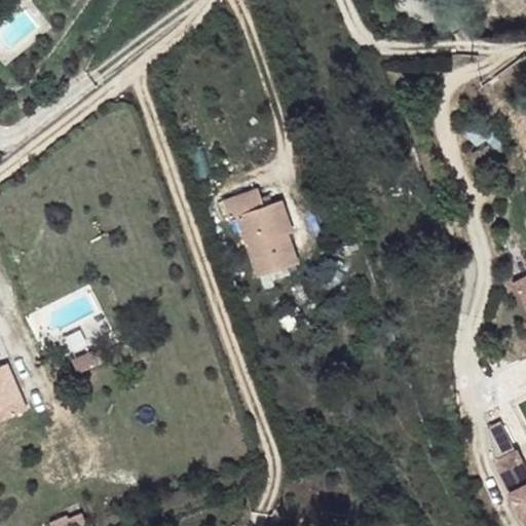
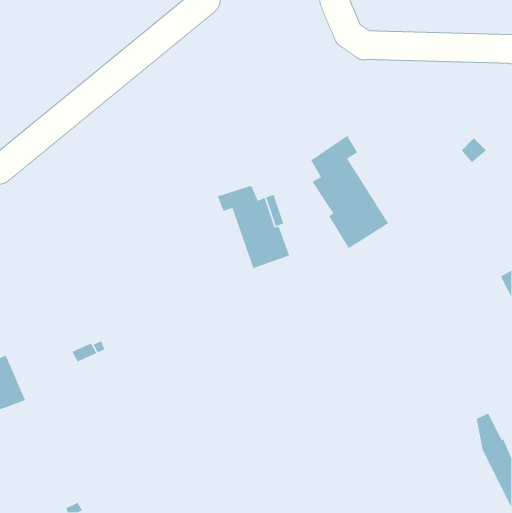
building: none -> [310,135,389,249]

